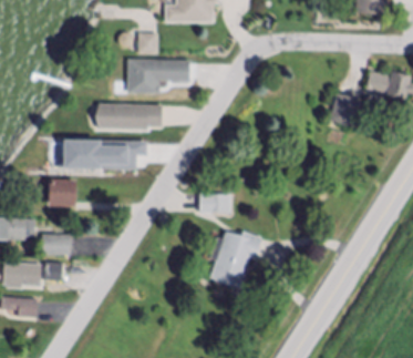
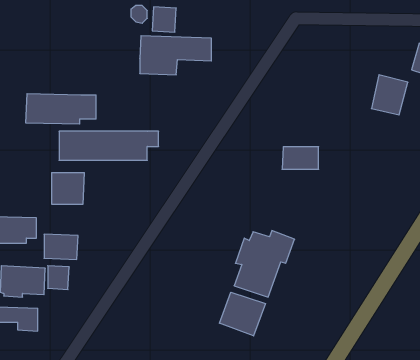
building: [99,102,161,129] -> [26,94,96,124]
building: [198,193,230,213] -> [282,147,319,169]
building: none -> [219,292,266,336]

